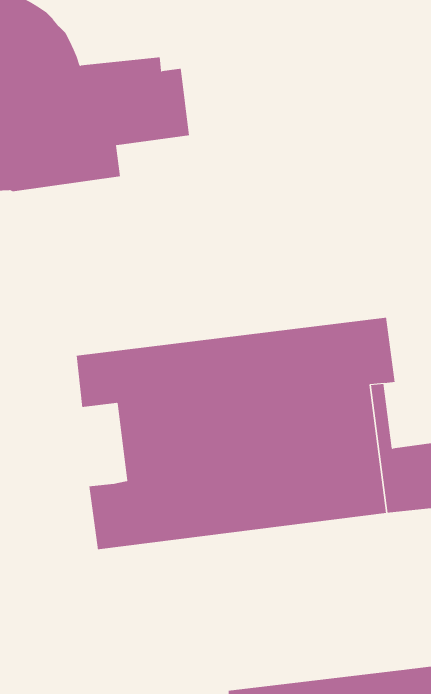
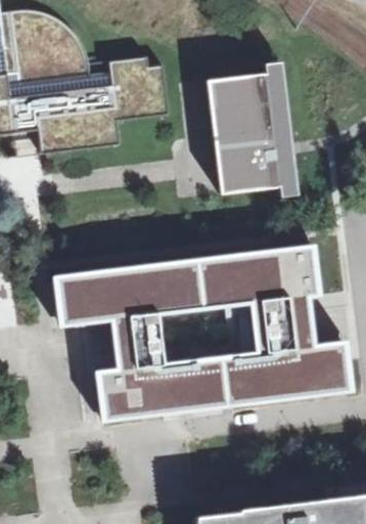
building: none -> [207,59,299,195]
building: none -> [51,275,123,368]

